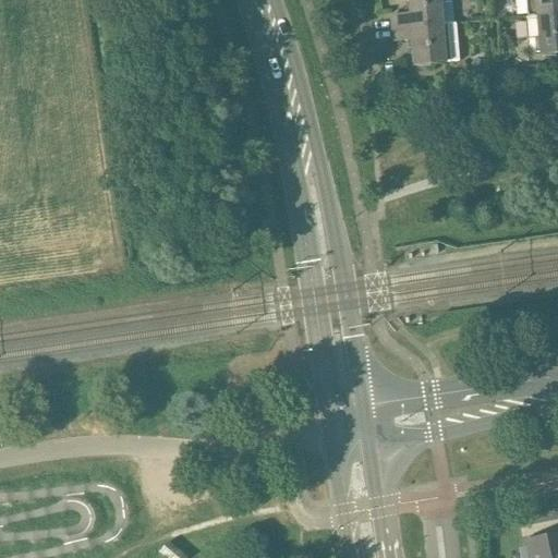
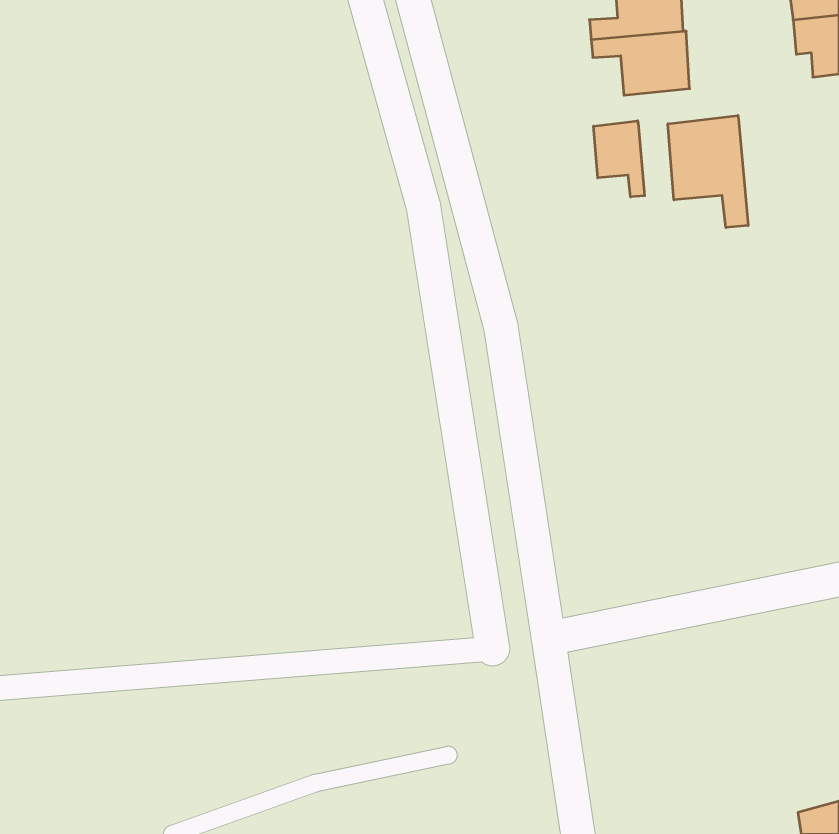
building: none -> [668,115,748,228]
building: none -> [594,121,645,197]

